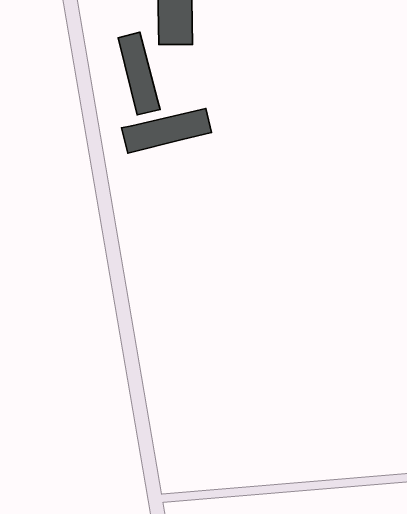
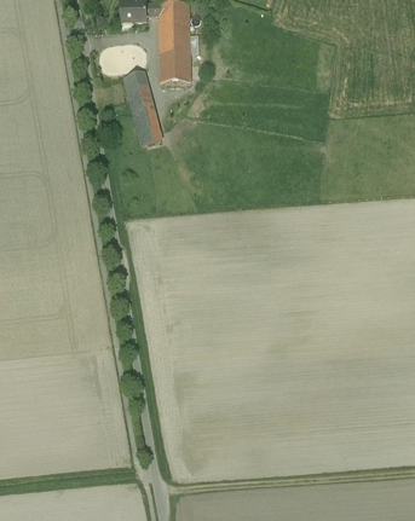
building: [121,109,211,153] -> none

